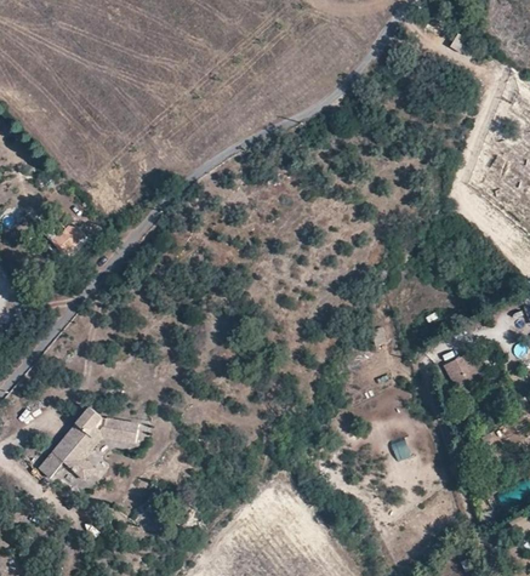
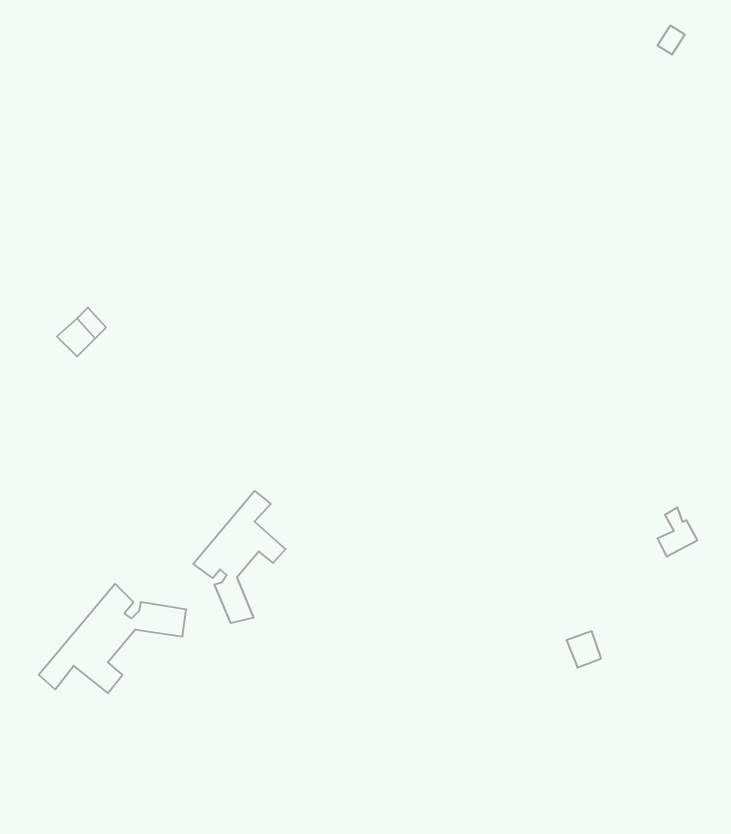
building: none -> [193,491,286,623]

